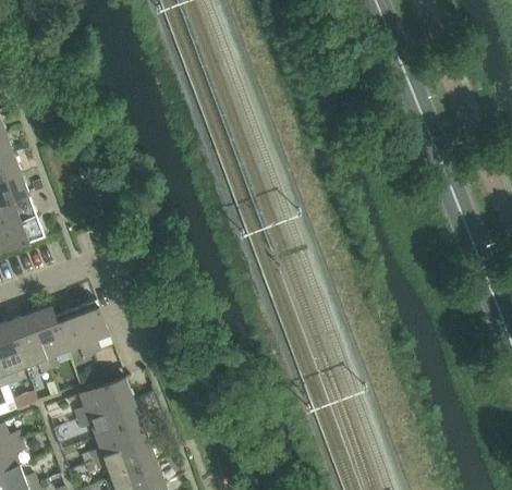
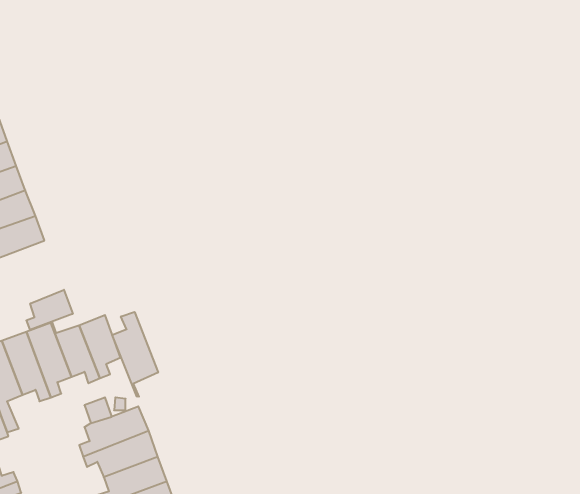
building: none -> [26,290,73,330]
building: none -> [112,312,158,397]

